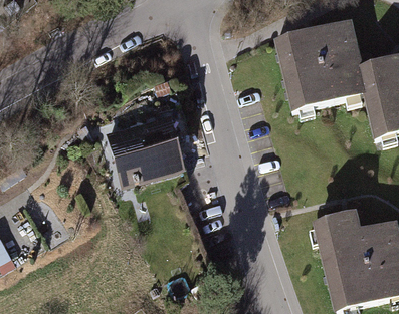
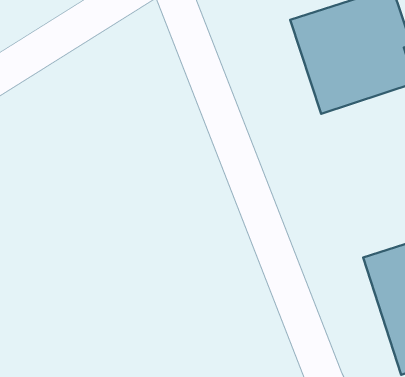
building: [103,110,188,183] -> none

